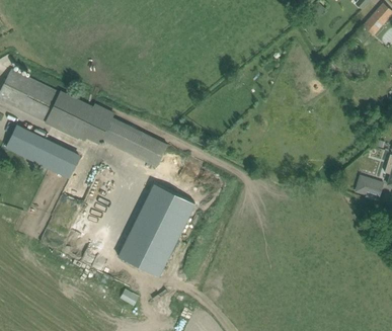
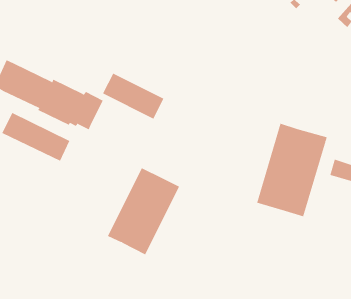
building: [101,116,167,166] -> [102,73,164,119]
building: none -> [256,123,327,217]

